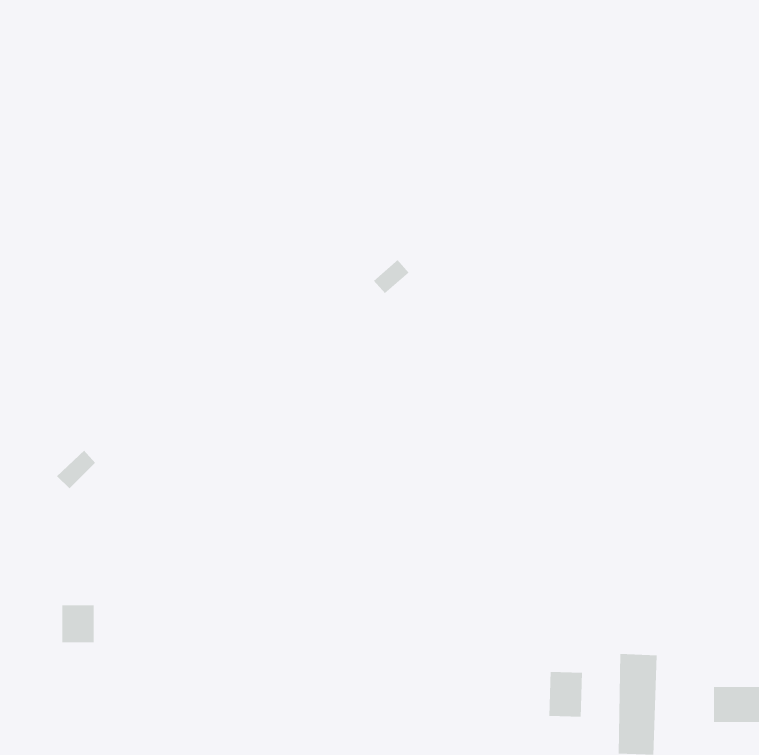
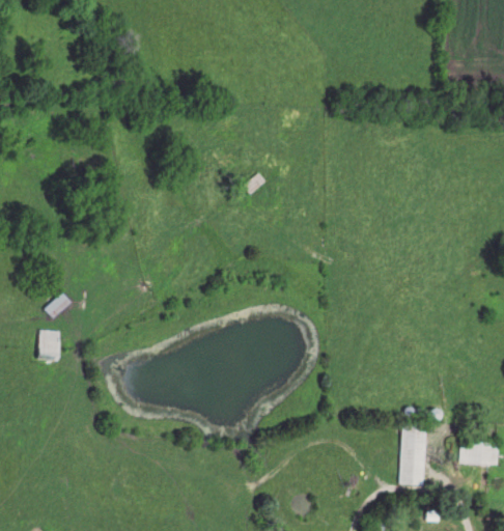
building: [62,605,94,643] -> [39,332,60,356]
building: [549,671,582,717] -> none

